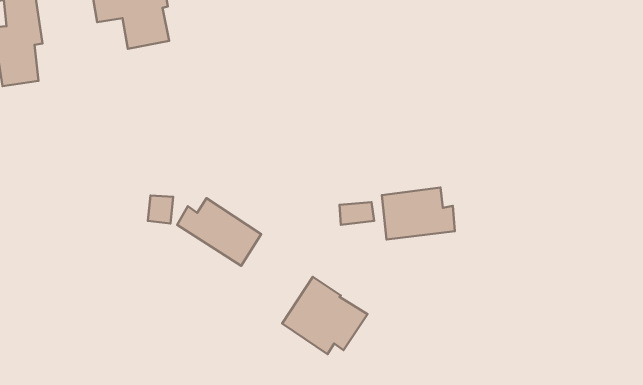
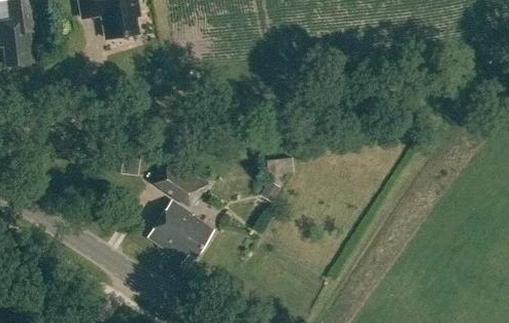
building: [382,188,455,239] -> none
building: [282,277,368,354] -> [145,200,211,260]

